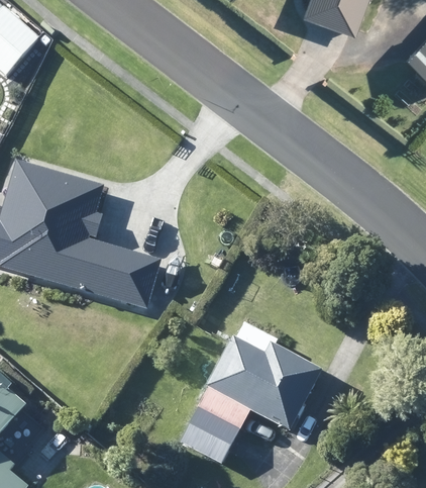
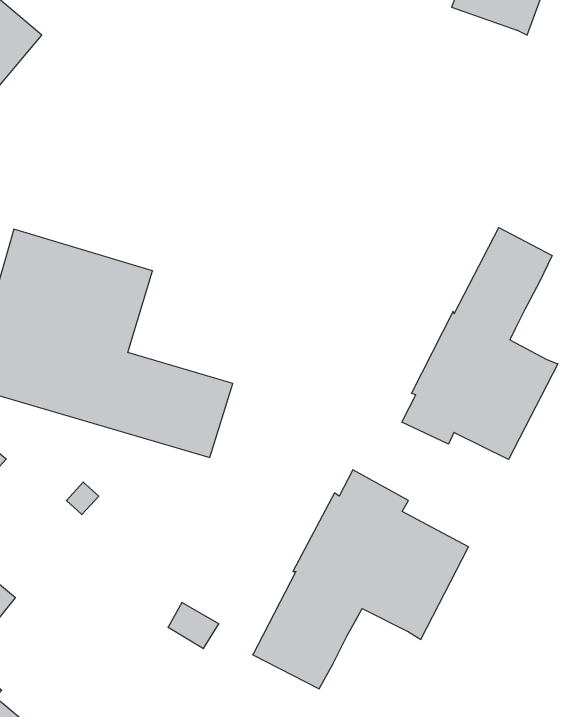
building: none -> [402,228,558,459]

